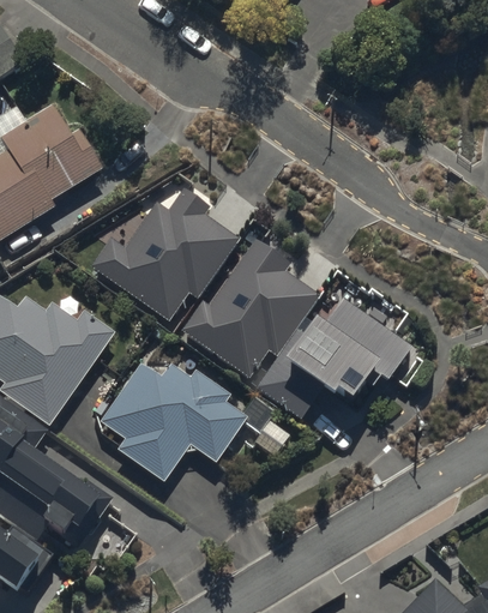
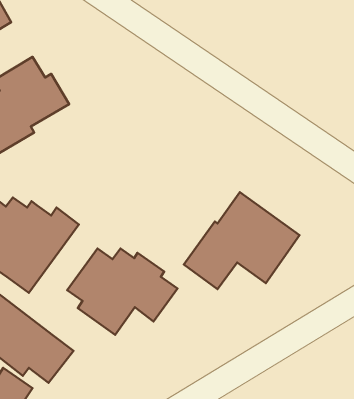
building: [92,187,239,319] -> none
building: [183,239,320,375] -> none

